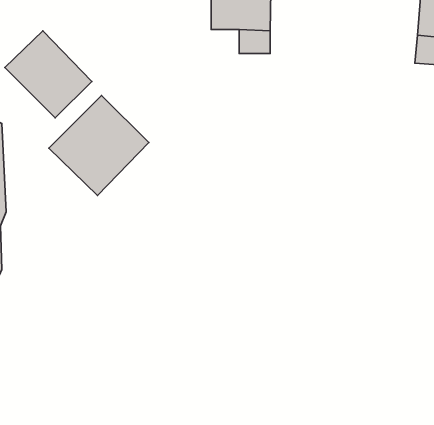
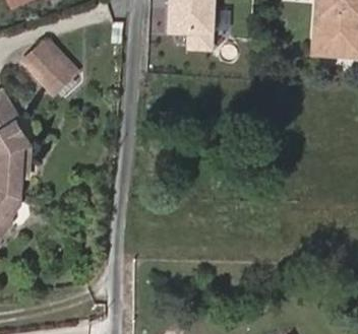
building: [49,95,149,196] -> none

